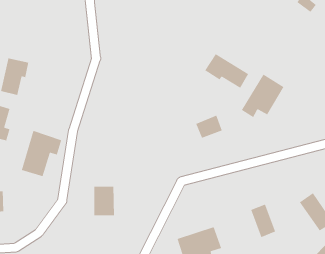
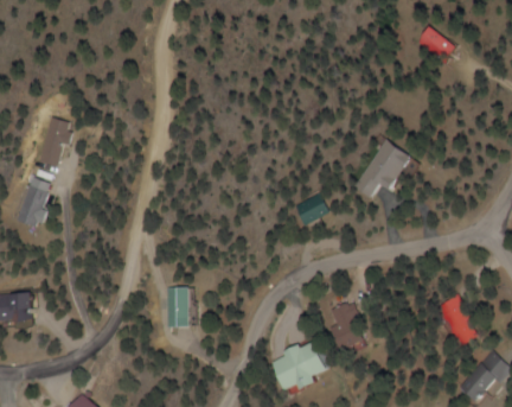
building: [204,53,249,89] -> none
building: [21,130,62,177] -> none
building: [250,203,276,238] -> [326,300,360,346]

